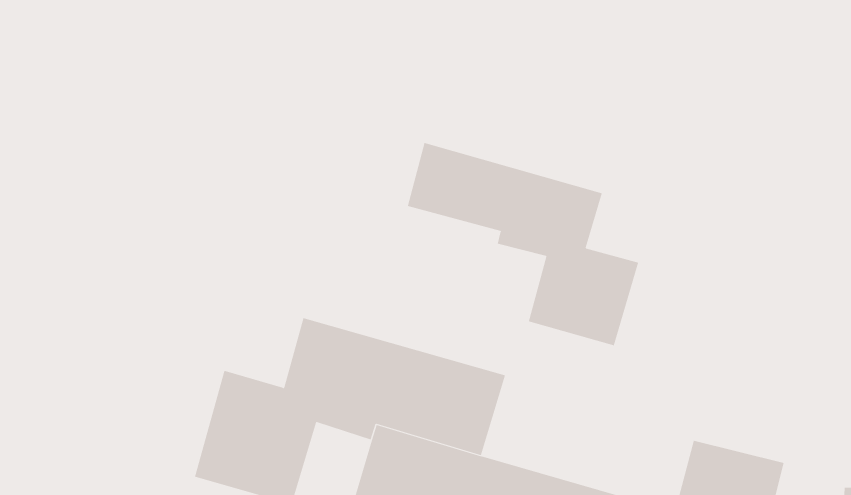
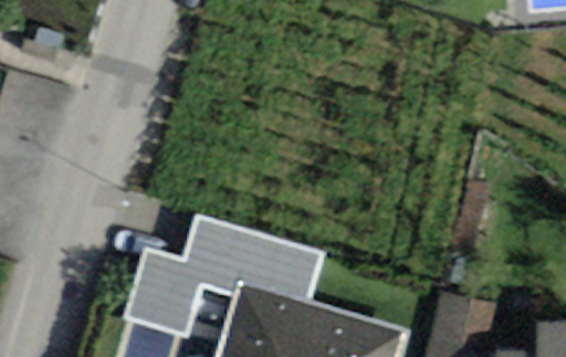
building: [407,142,639,346] -> none

